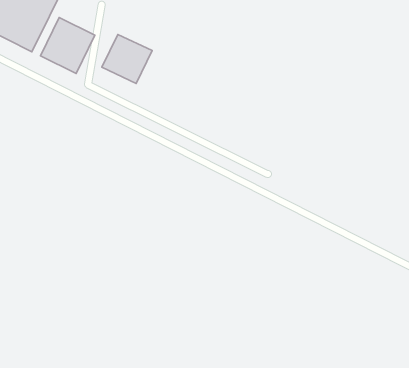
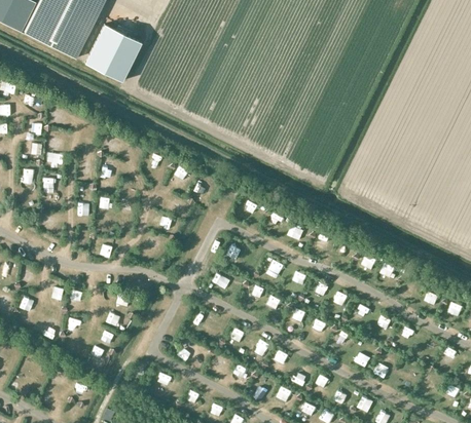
building: [102,34,152,83] -> none

